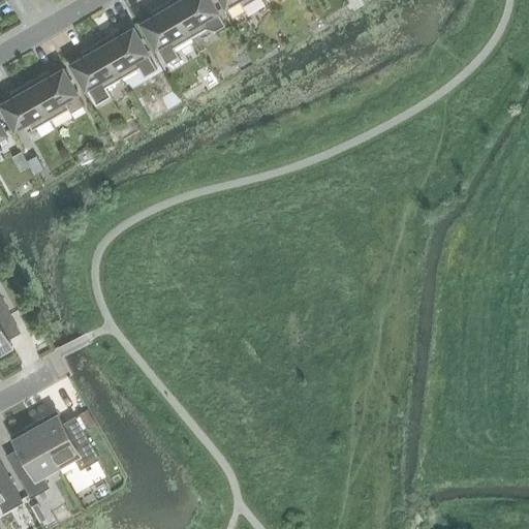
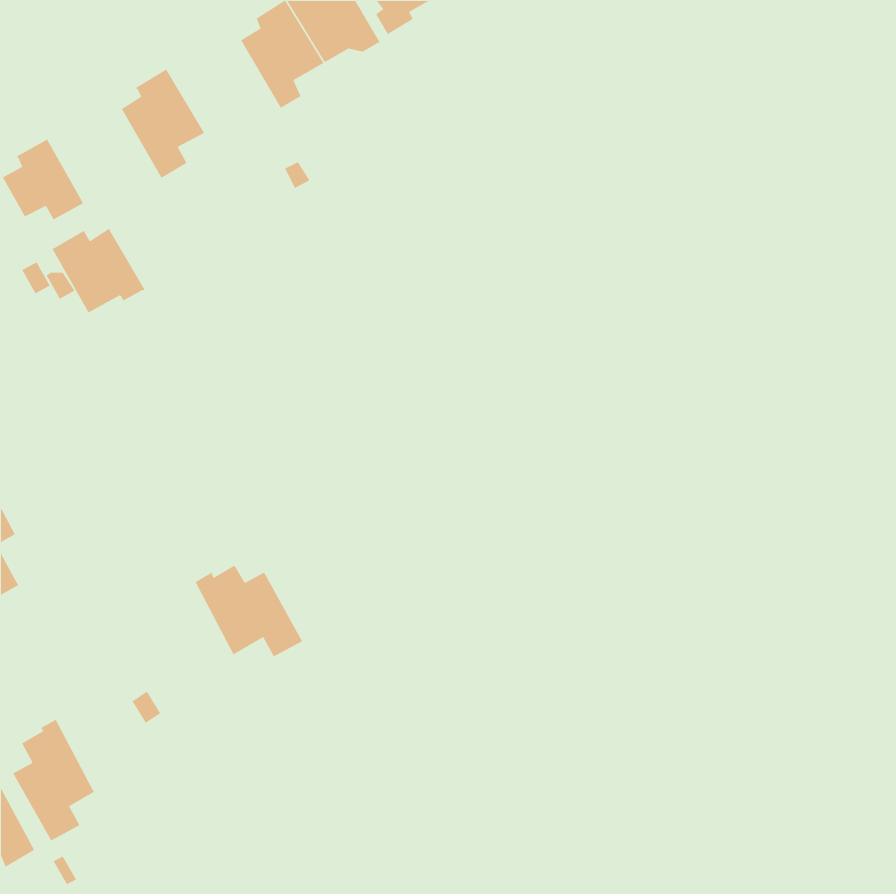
building: [98,29,156,80] -> none
building: [28,70,84,121] -> [51,228,146,314]
building: [33,414,97,469] -> [194,564,303,657]

